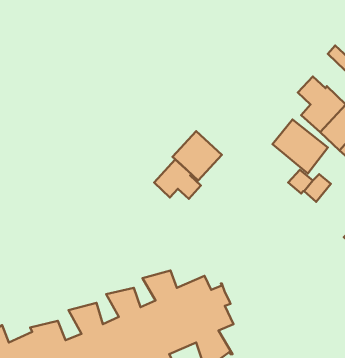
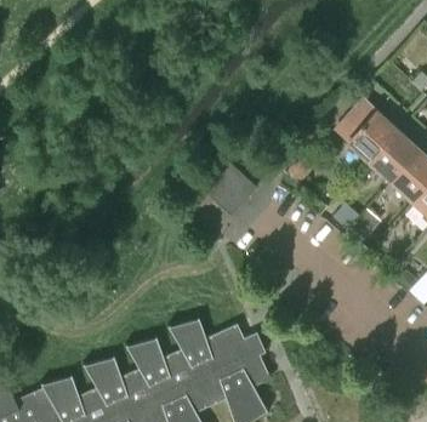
building: [272,120,328,173] -> none
building: [154,160,201,199] -> none

